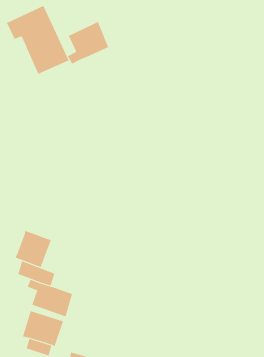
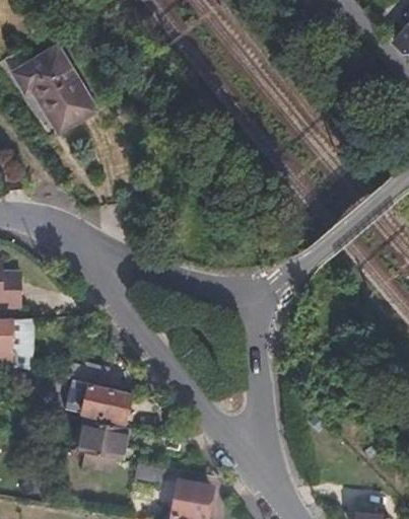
building: [67,21,109,65] -> none
building: [15,230,52,268] -> none

